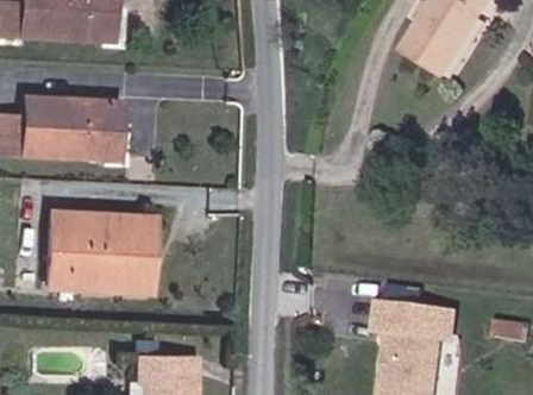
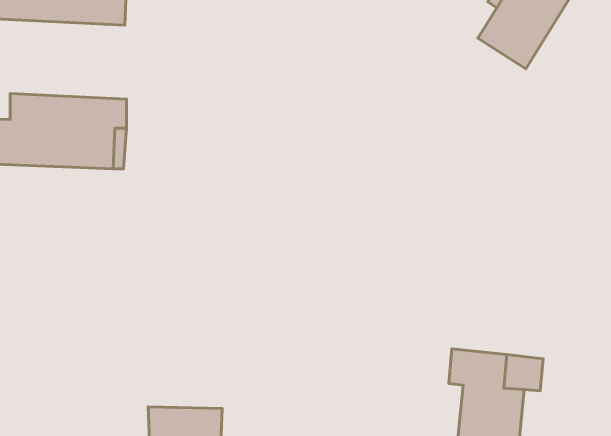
building: [45,211,151,290] -> none

